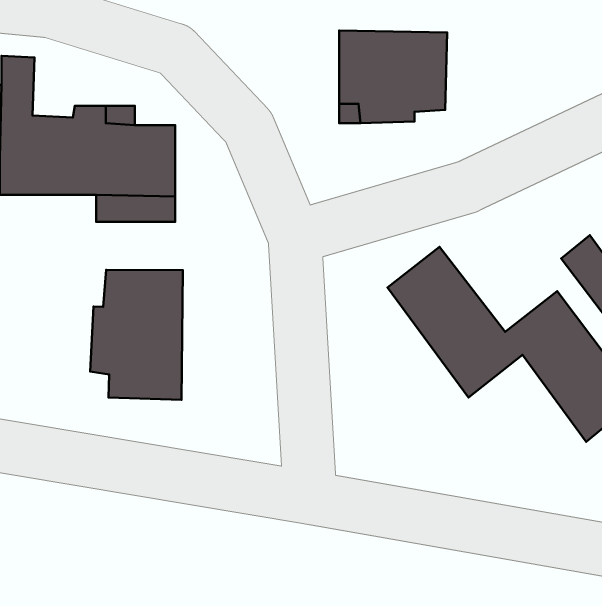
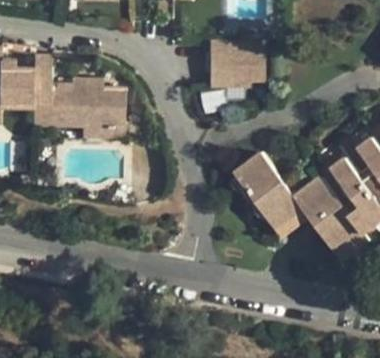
building: [90,270,183,400] -> none

